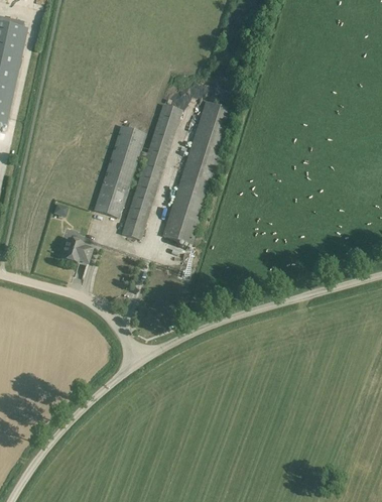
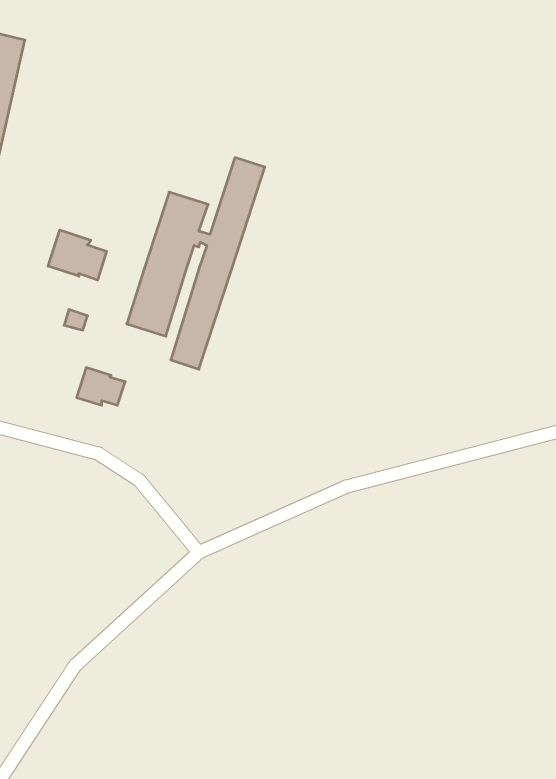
building: [163,101,234,243] -> none
building: none -> [48,230,107,280]

